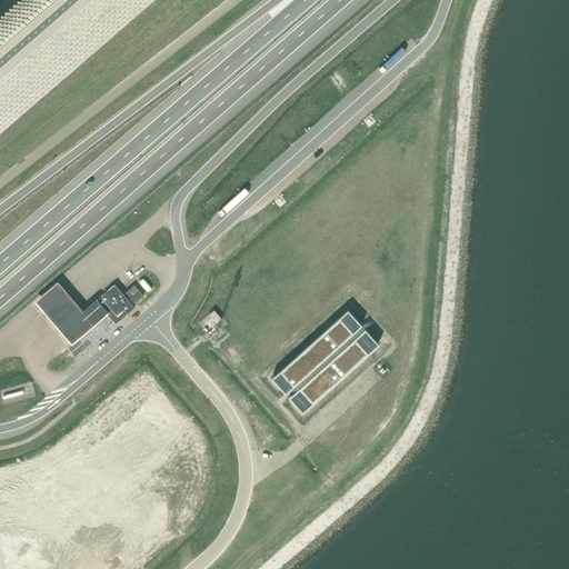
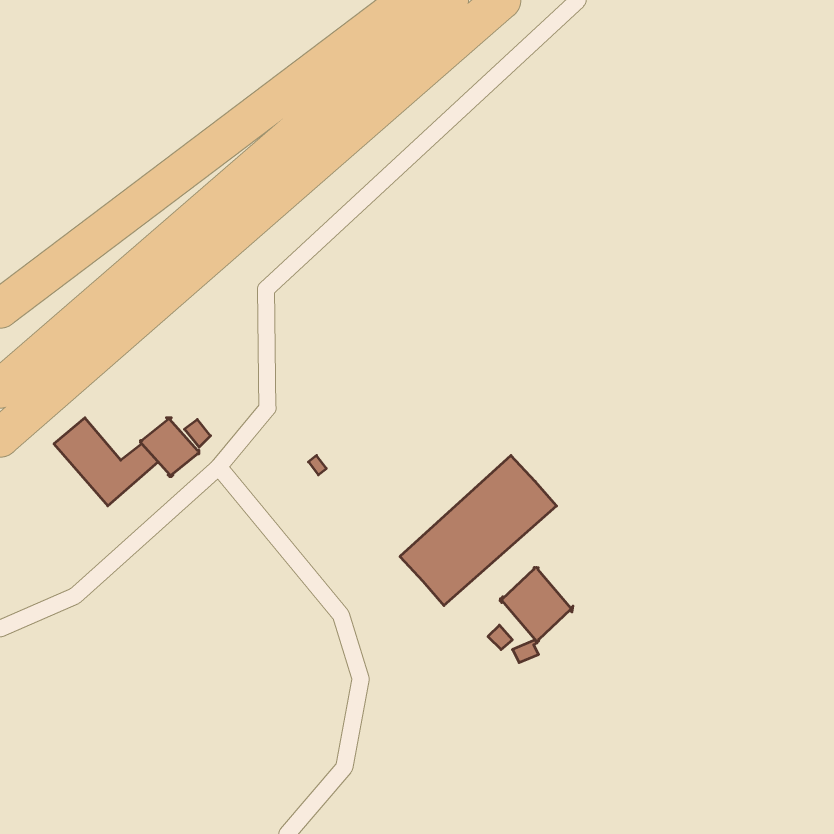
building: none -> [500,567,573,641]

